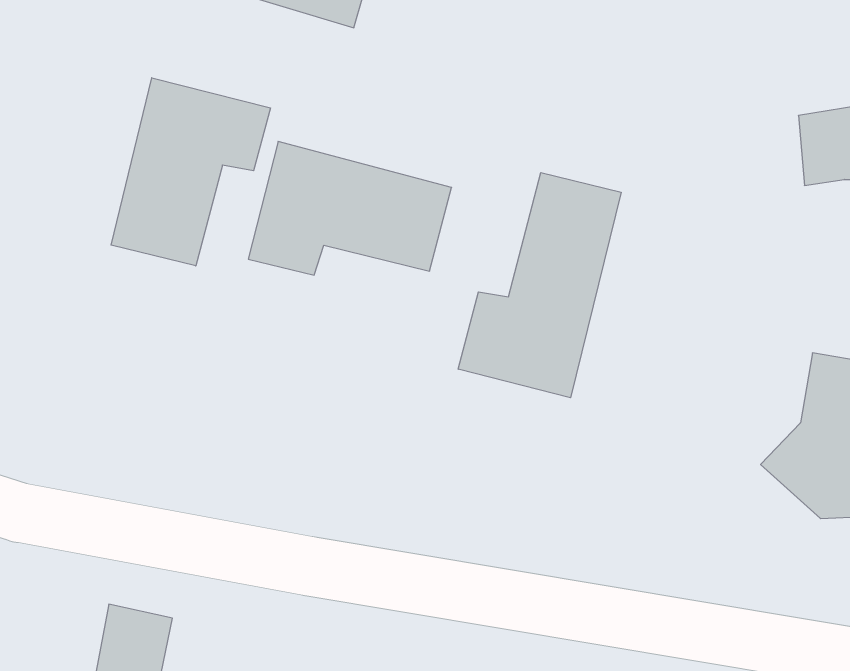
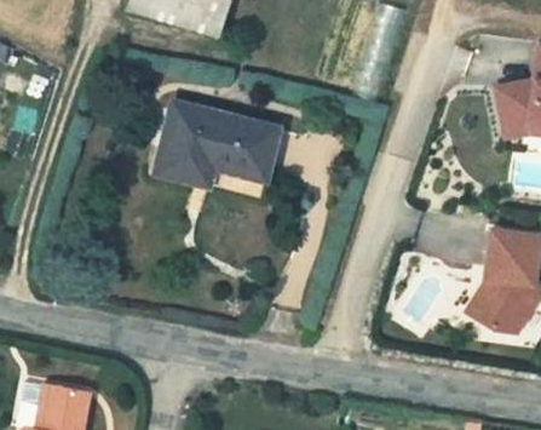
building: [111,78,270,266] -> none
building: [458,173,621,398] -> none

